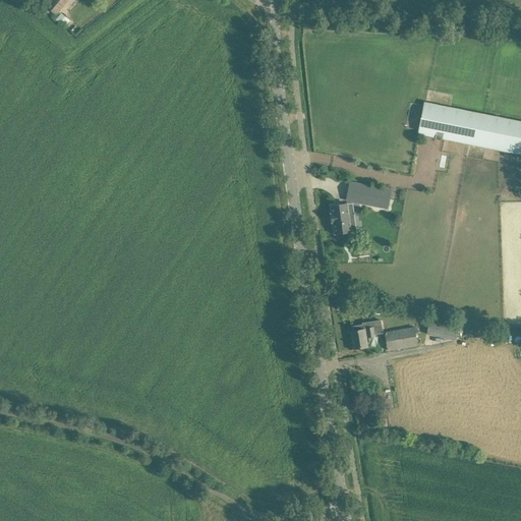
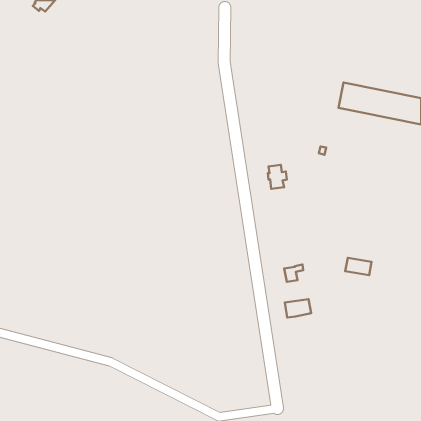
building: [360,185,391,208] -> none
building: [385,328,417,350] -> [285,299,311,317]

